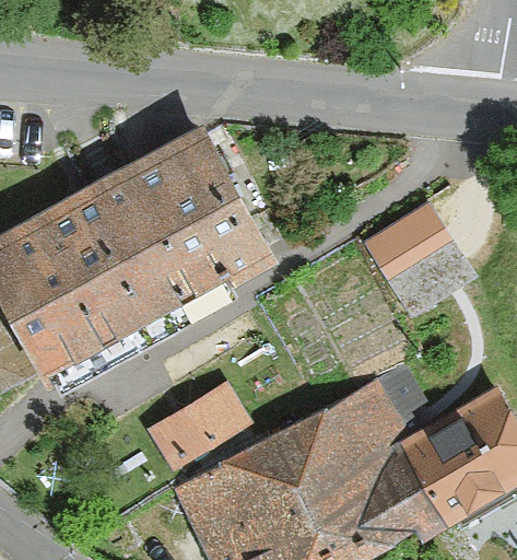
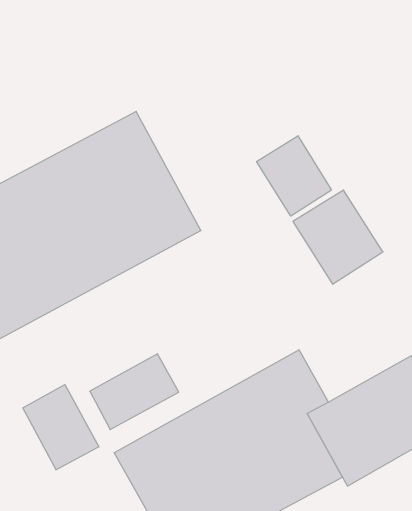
building: none -> [257,136,331,216]
building: none -> [23,385,99,470]

